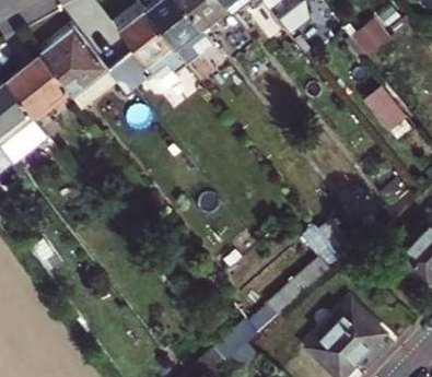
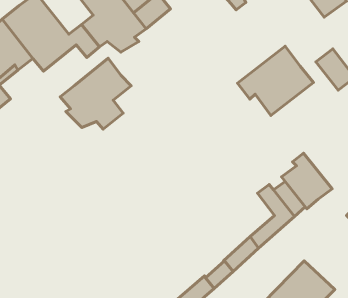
building: none -> [237,46,314,116]
building: none -> [60,58,131,129]
building: none -> [281,153,332,209]

